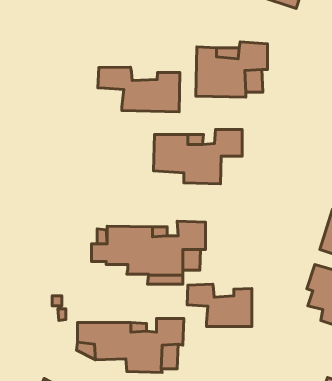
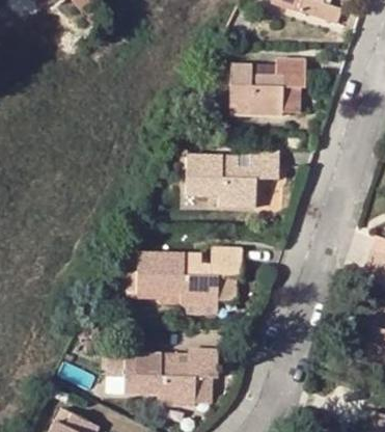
building: [98,67,180,112] -> none
building: [187,284,252,326] -> none

